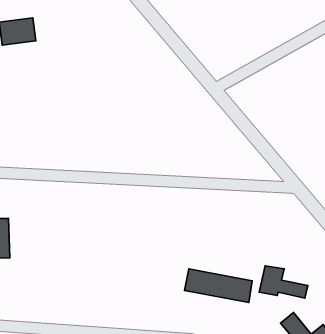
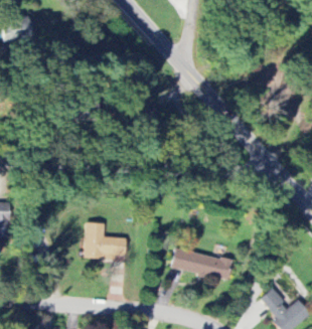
building: none -> [84,222,127,260]
building: [259,266,308,298] -> none

